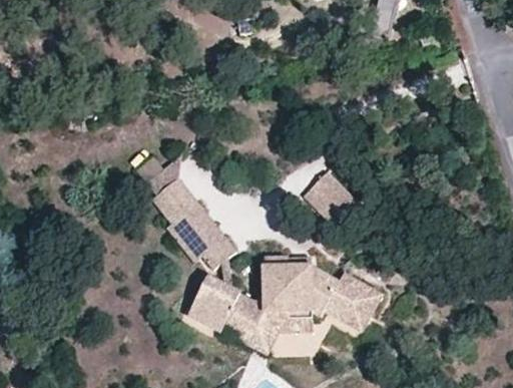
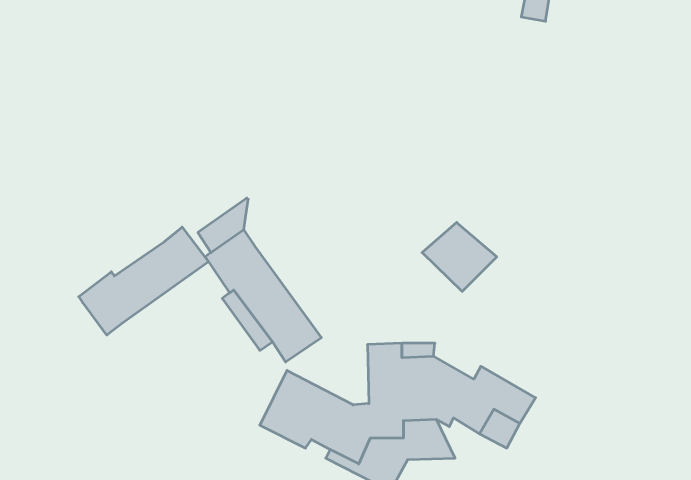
building: none -> [79,227,208,335]

